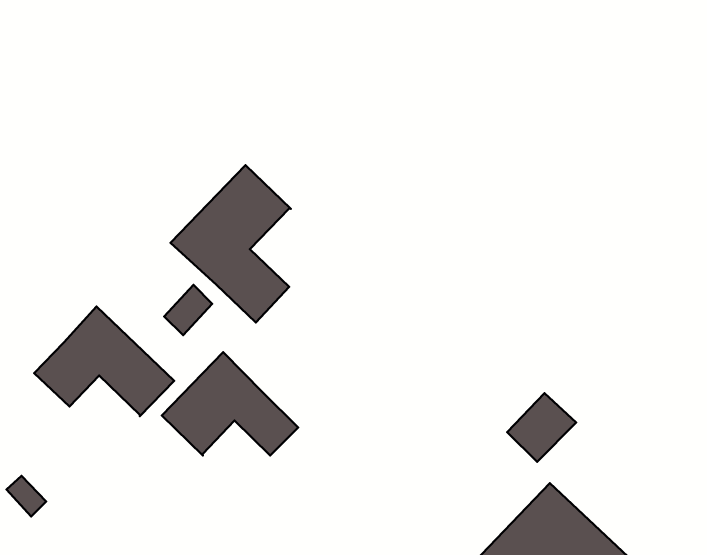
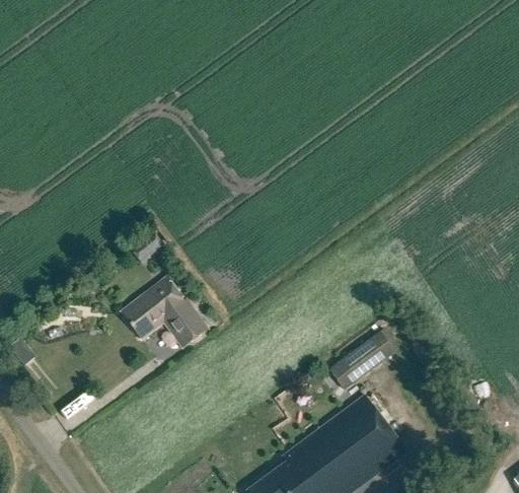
building: [171,165,291,323] -> none
building: [34,306,174,416] -> none

